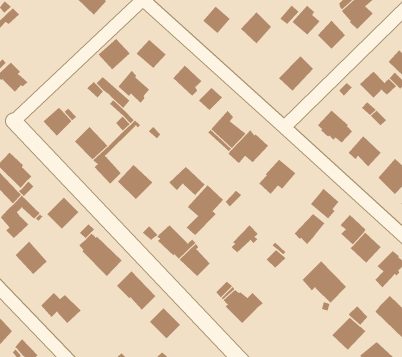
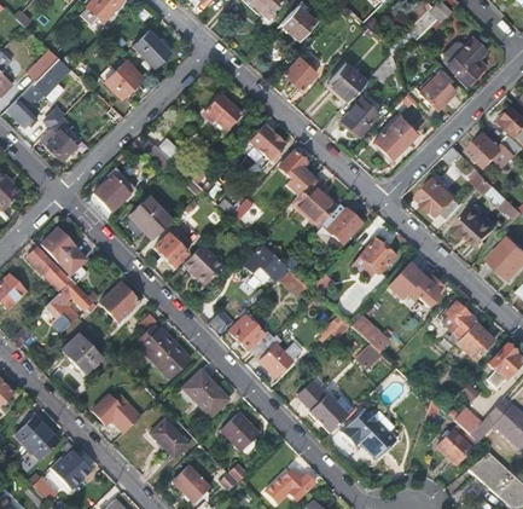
building: [292,5,320,35] -> [342,98,376,134]
building: [98,38,131,70] -> [105,60,144,98]
building: [118,70,150,104] -> none
building: [294,213,326,245] -> [385,264,423,301]
building: [302,260,347,303] -> [342,409,395,459]
building: none -> [151,418,190,458]

